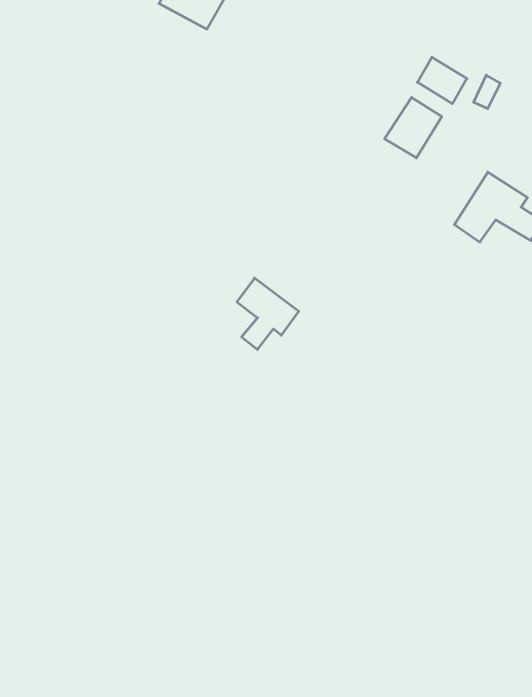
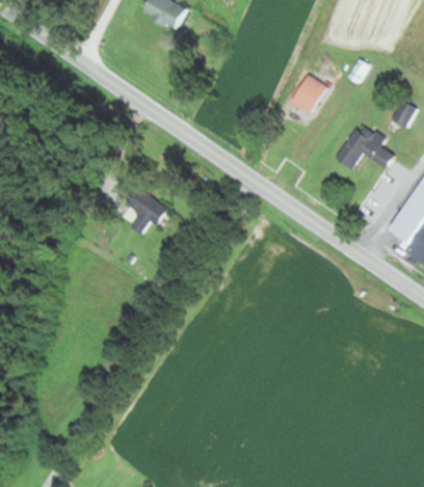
building: [417,57,467,104] -> none
building: [237,278,299,350] -> [127,187,167,234]

